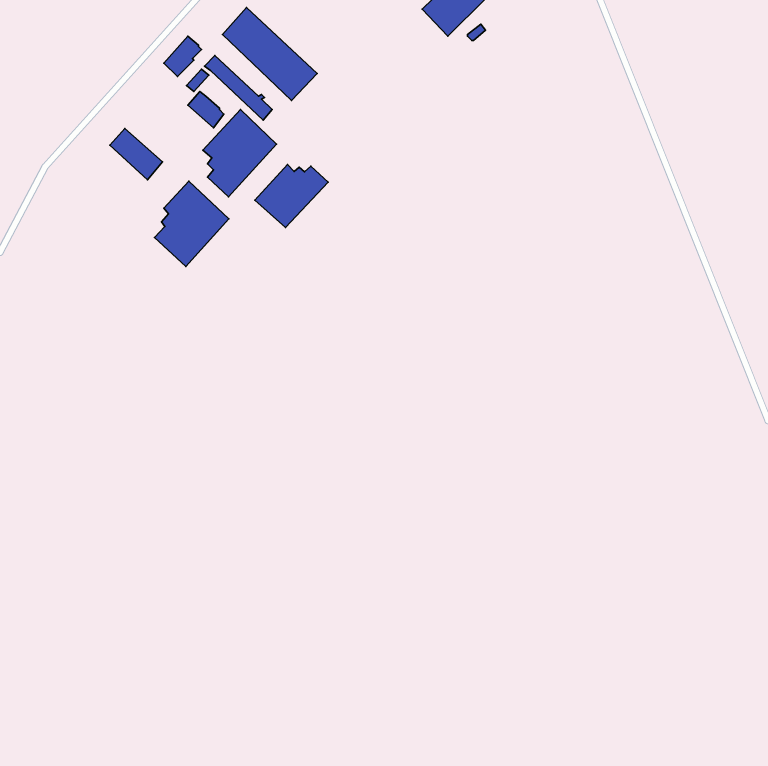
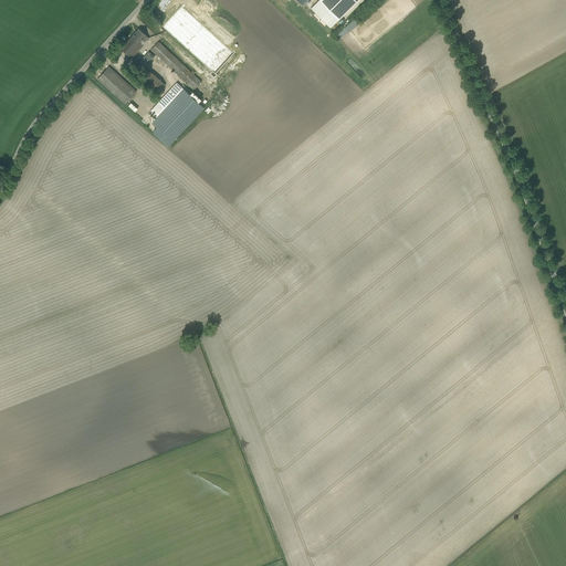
building: [110,129,163,180] -> [97,65,136,103]
building: [255,165,328,228] -> none
building: [154,181,229,266] -> none

